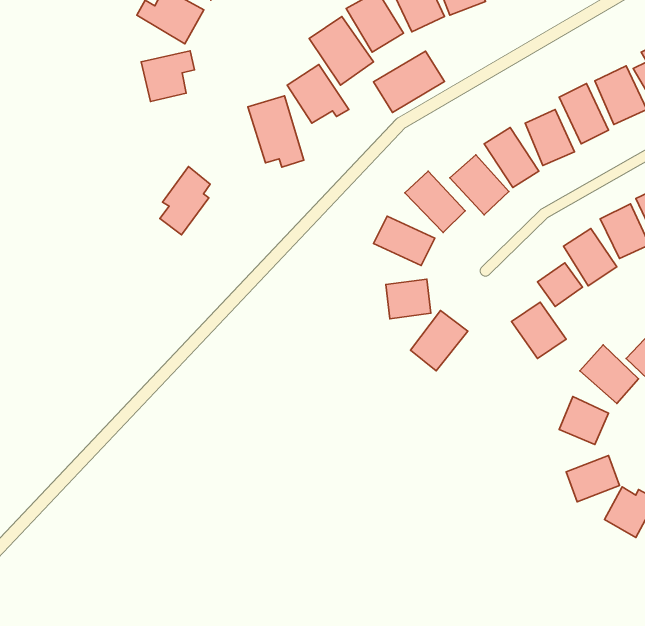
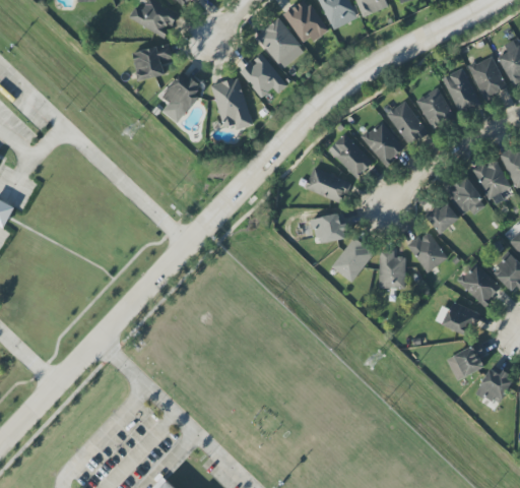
building: [374,51,445,113] -> none
building: [160,167,210,235] -> [162,72,200,123]
building: none -> [380,250,405,288]

